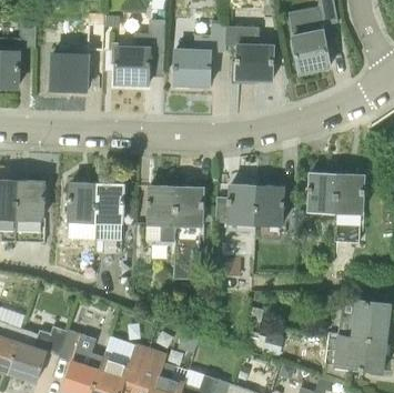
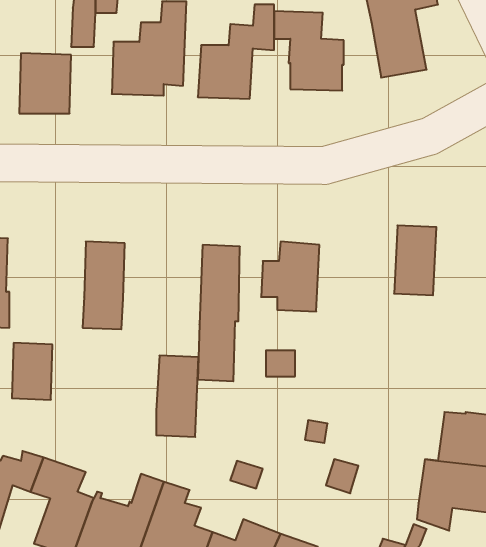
building: [334,173,363,241] -> none
building: [69,182,97,221] -> [12,343,52,400]
building: [148,184,176,240] -> [156,356,198,437]
building: [254,185,283,233] -> none

